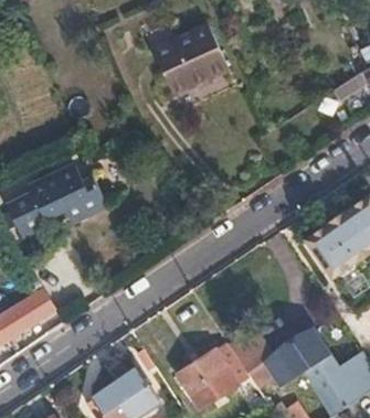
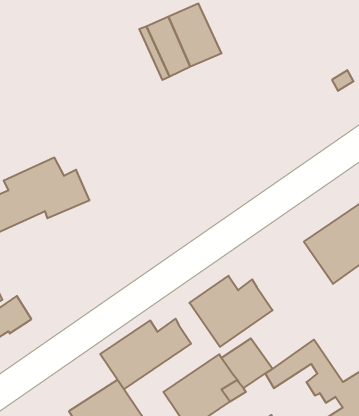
building: none -> [189,276,273,347]
building: none -> [100,319,191,389]

